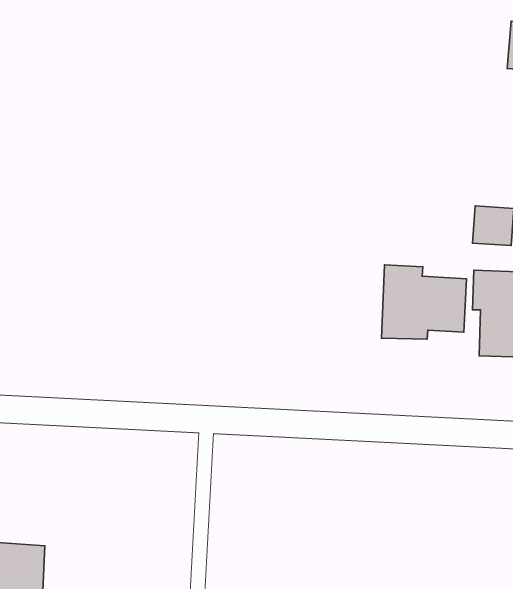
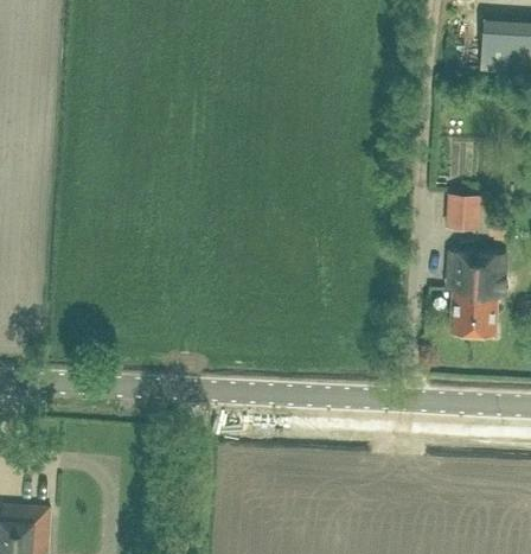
building: [381,265,467,339] -> none

